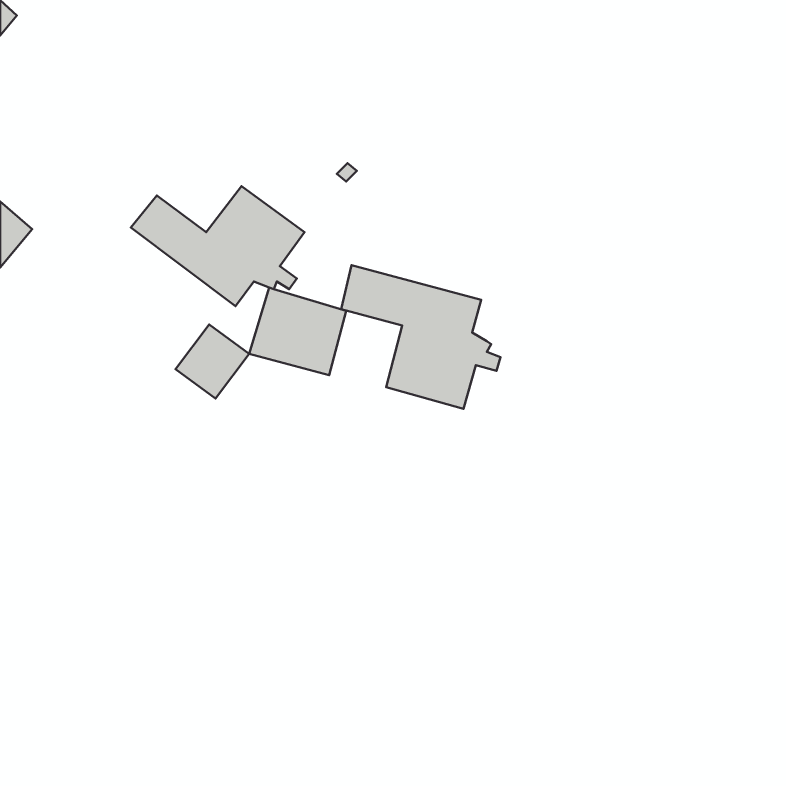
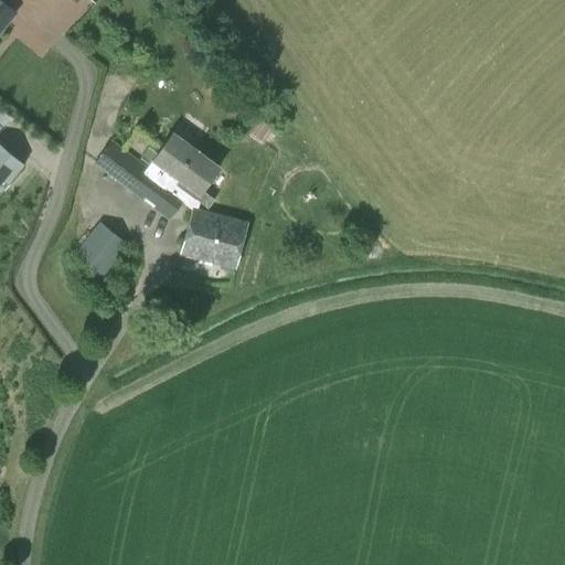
building: [341,265,501,409] -> none
building: [175,325,249,398] -> [78,216,131,269]

